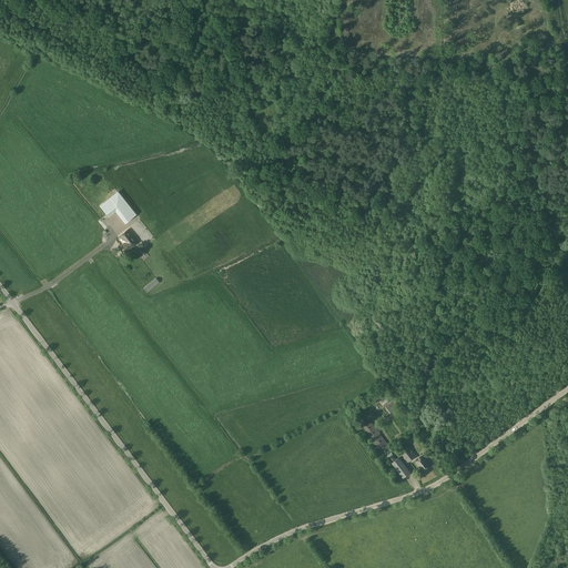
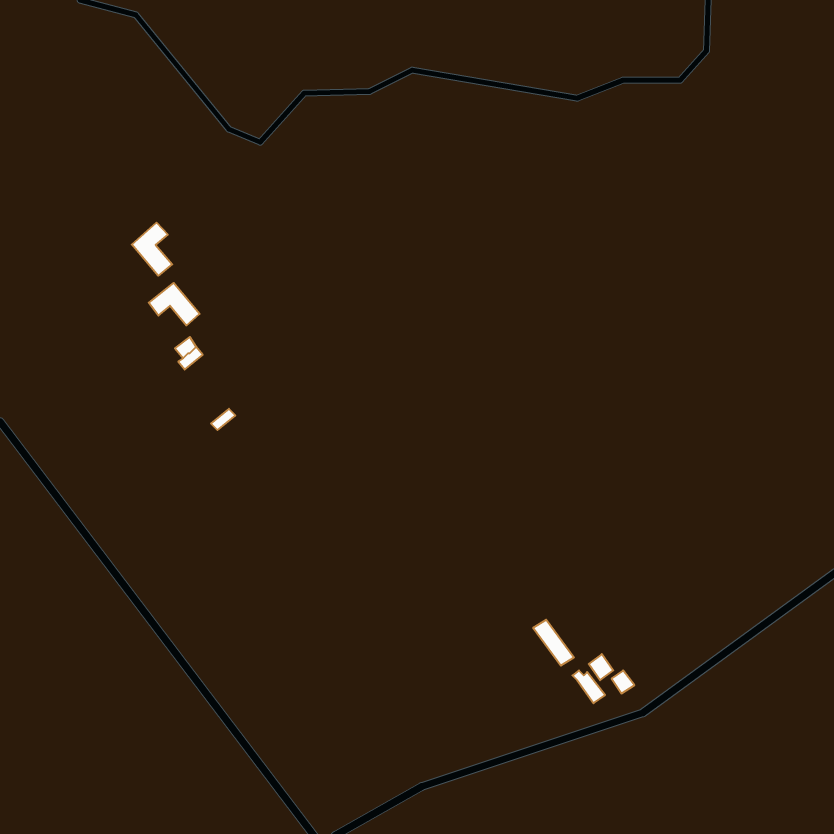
building: none -> [132,223,172,276]

